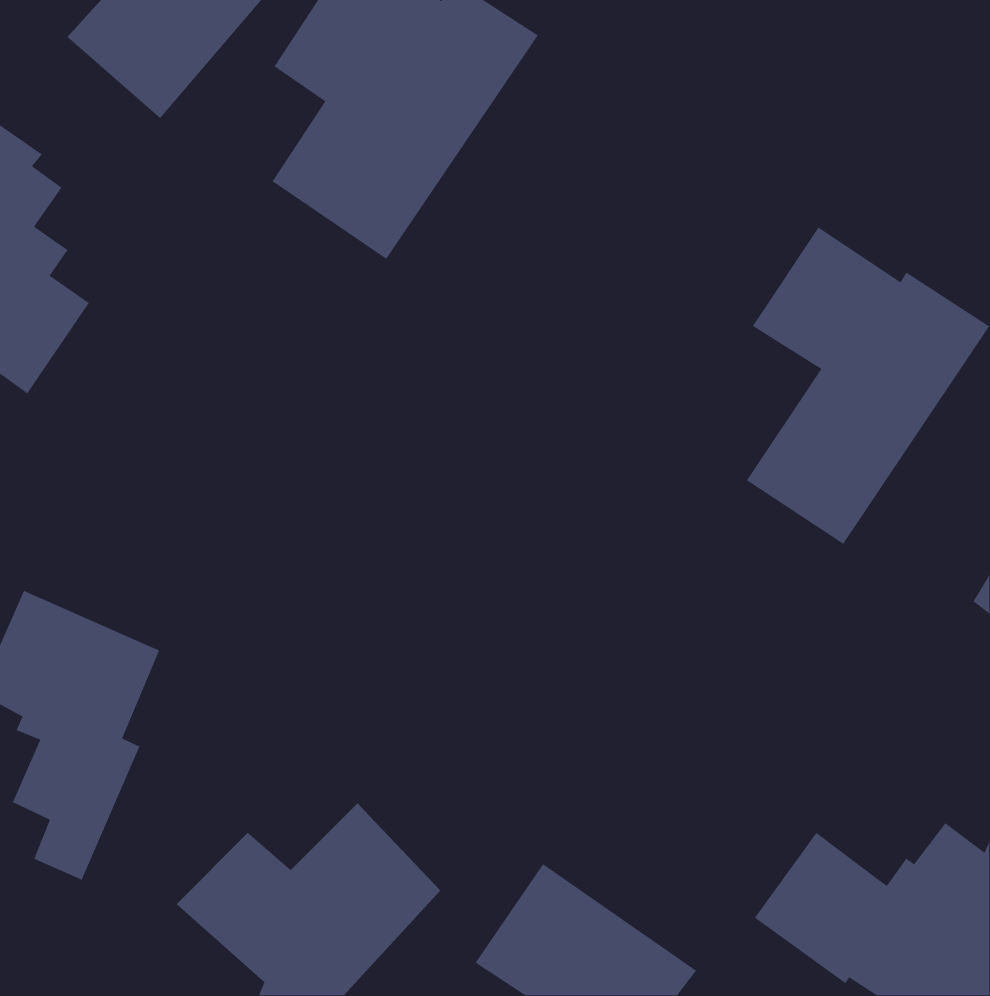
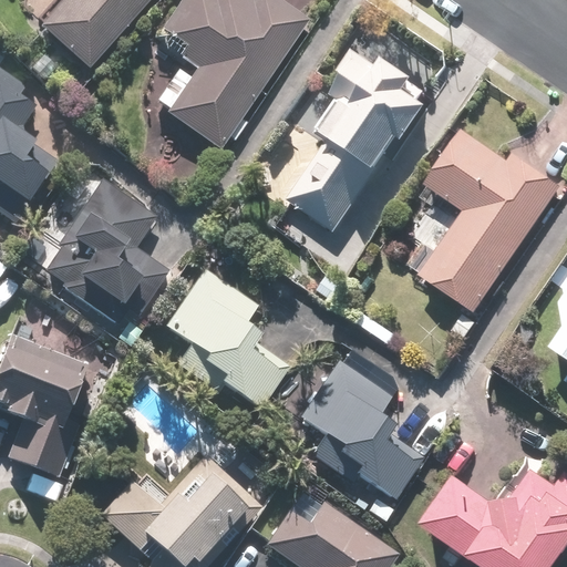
building: none -> [289,47,430,229]
building: none -> [42,177,169,326]
building: none -> [165,269,288,405]
building: none -> [271,342,416,501]

